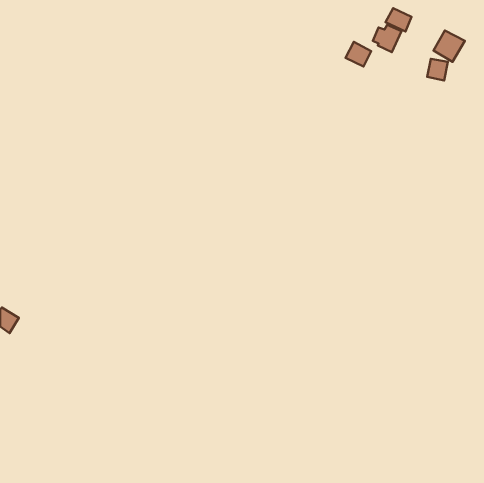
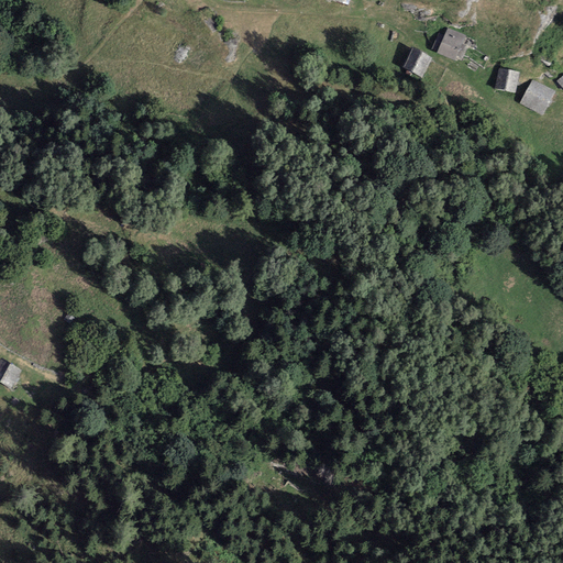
building: [385,8,412,31] -> none
building: [433,31,465,62] -> [520,79,556,115]

